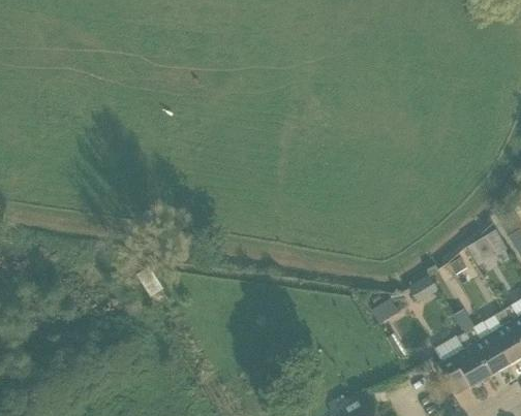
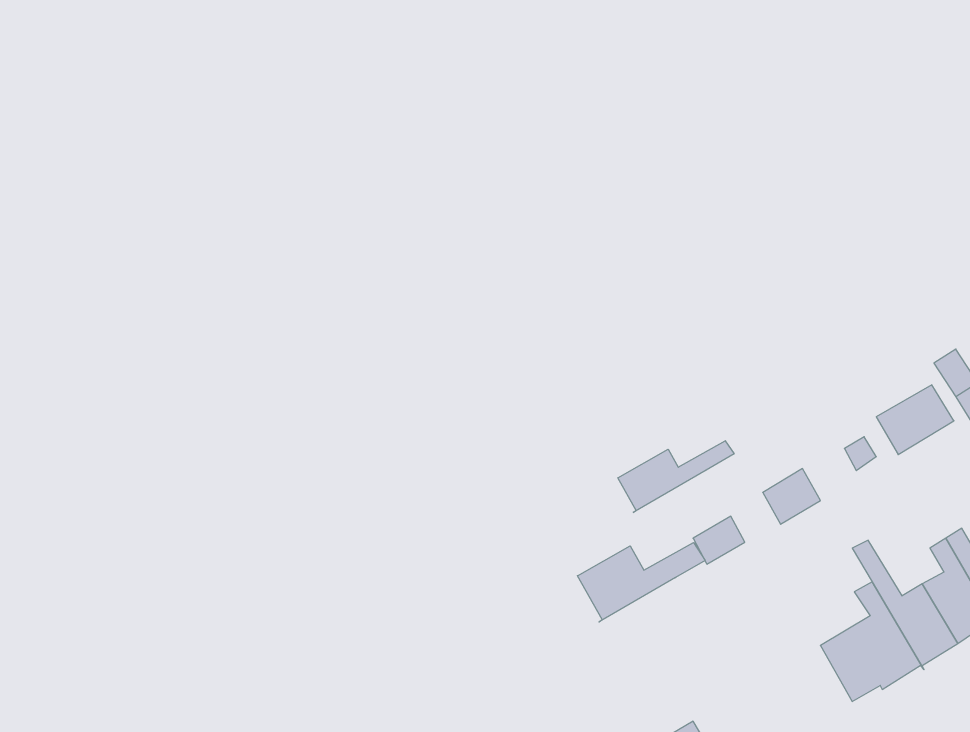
building: none -> [618,441,734,512]
building: none -> [577,543,705,622]

